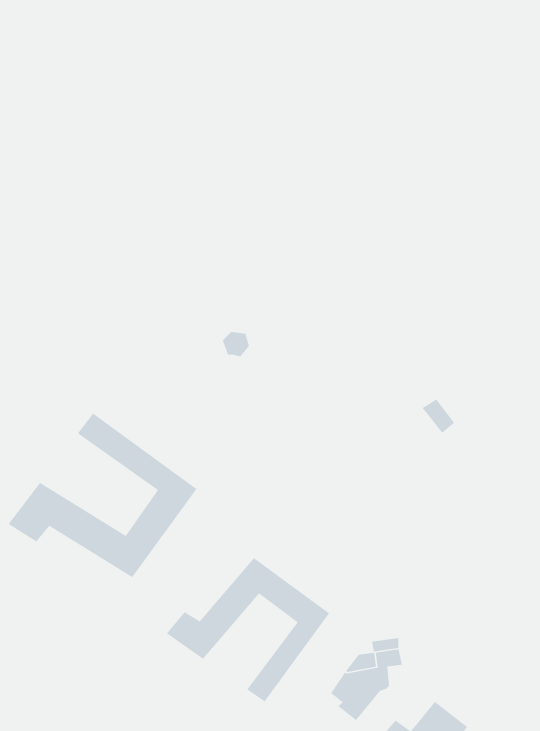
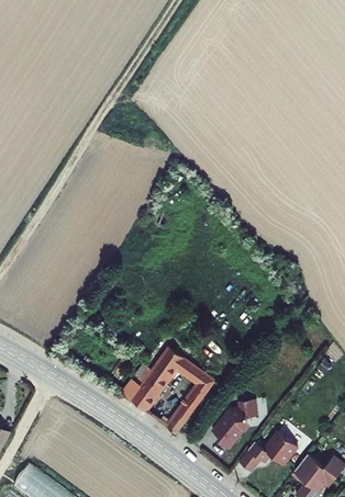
building: [8,412,197,578] -> none

